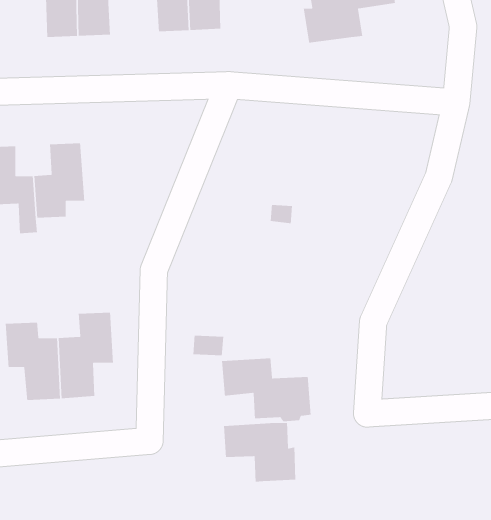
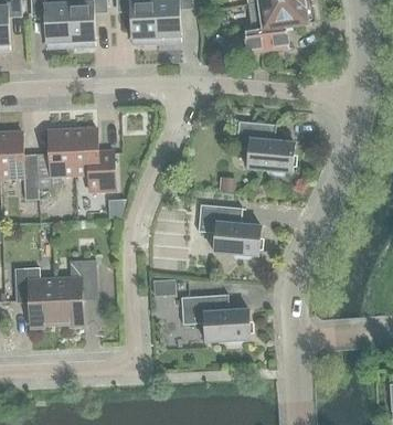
building: none -> [235,120,294,174]
building: none -> [72,127,115,190]
building: none -> [198,203,261,257]
building: [223,422,296,482] -> none

